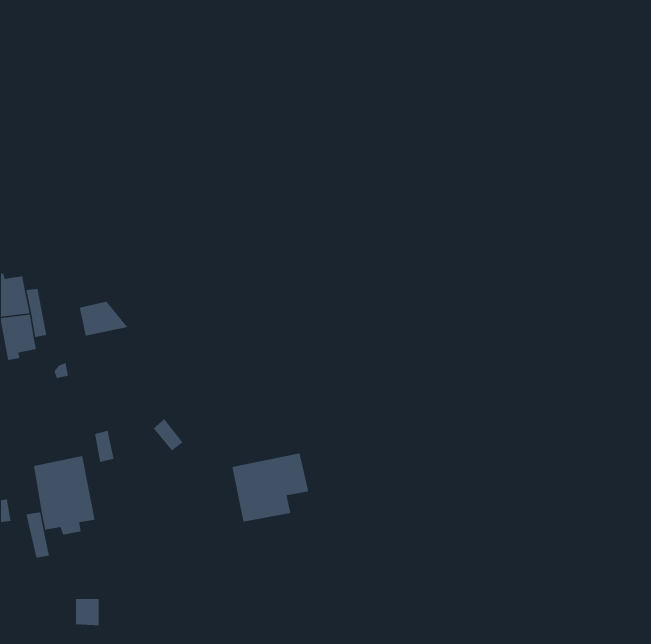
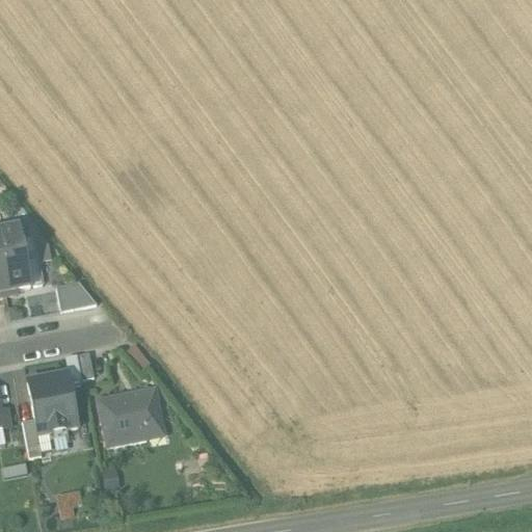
building: [79,301,128,337] -> [55,281,96,310]
building: [231,452,309,523] -> [98,387,161,444]

